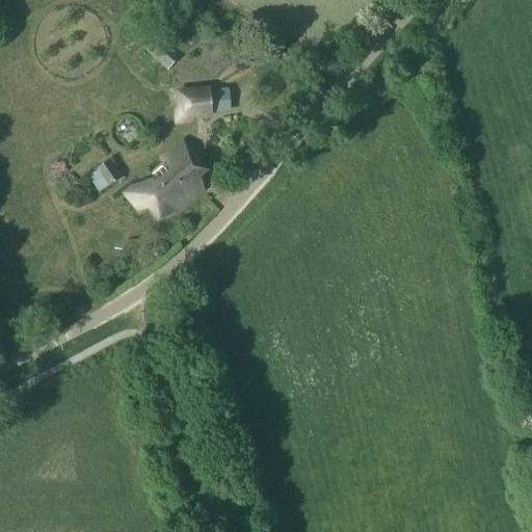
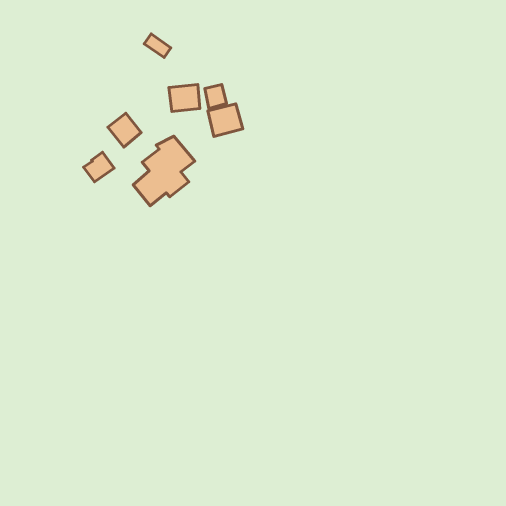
building: none -> [208,104,243,136]
building: none -> [108,113,141,147]

